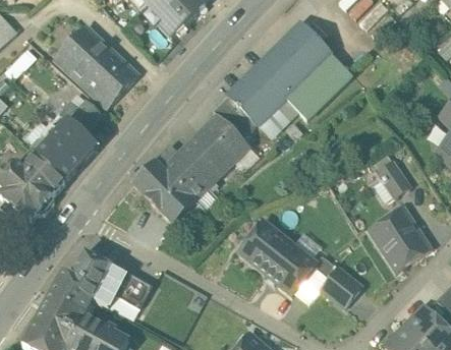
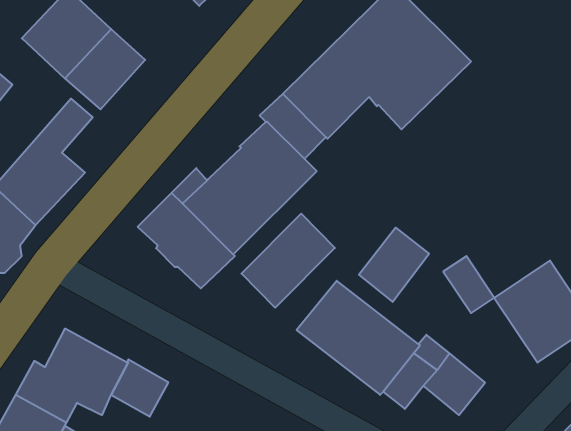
building: [377,160,410,197] -> [443,256,494,313]
building: none -> [241,214,335,308]
building: none -> [359,228,429,302]

